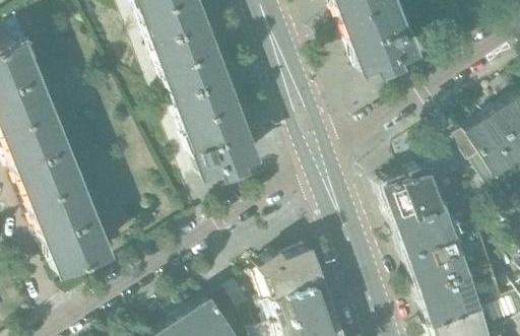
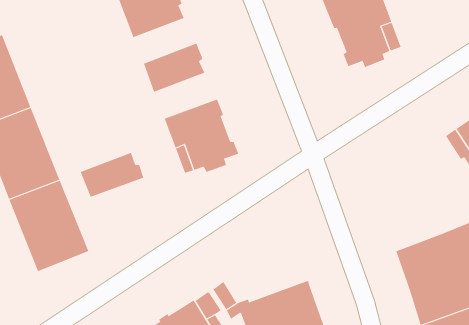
building: [151,24,214,69] -> none
building: [172,78,235,123] -> [80,152,144,198]
building: [384,167,455,253] -> none
building: [256,249,324,303] -> none

